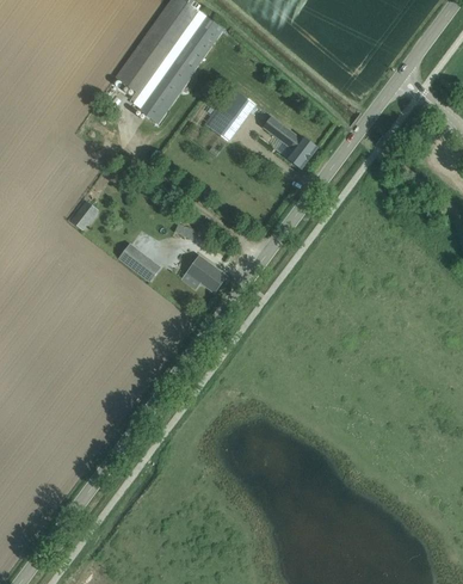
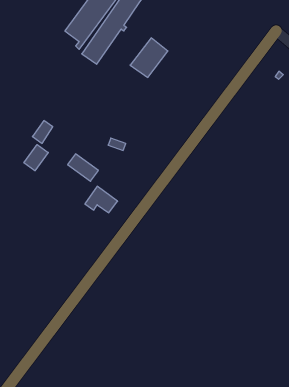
building: [261,116,316,168] -> none
building: none -> [24,145,48,171]
building: [181,256,226,291] -> [85,186,118,213]

